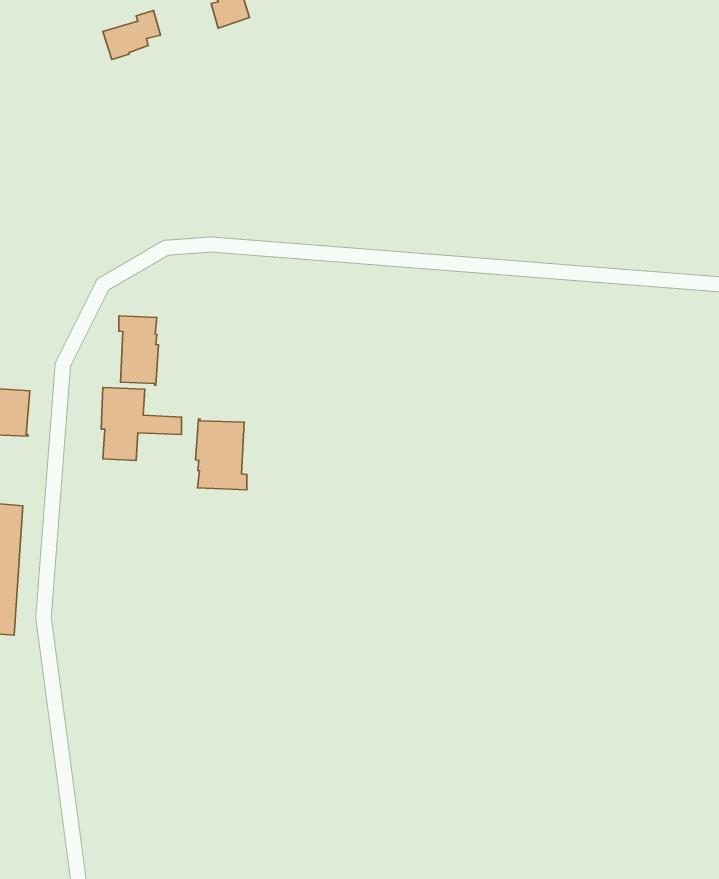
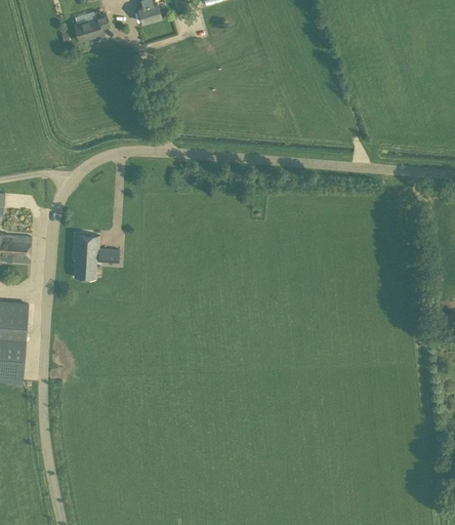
building: [119,316,158,385] -> none
building: [195,419,247,490] -> none

